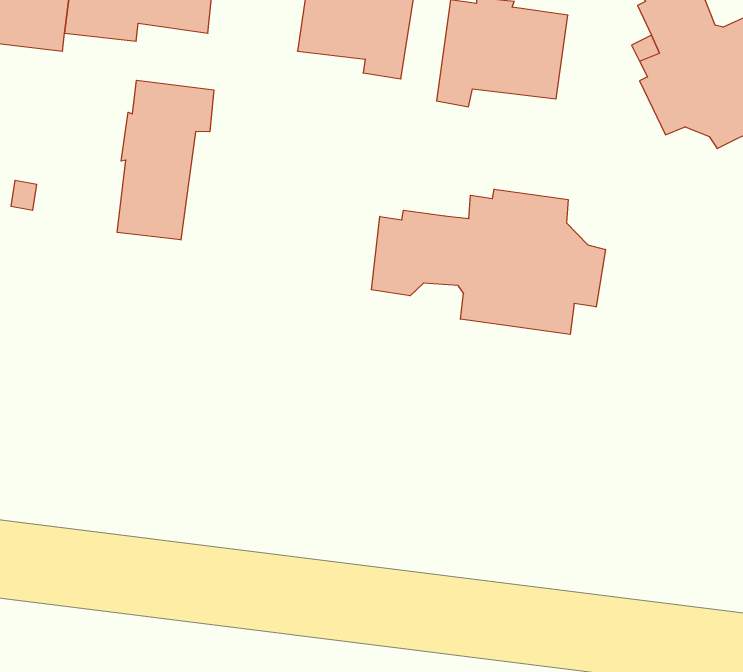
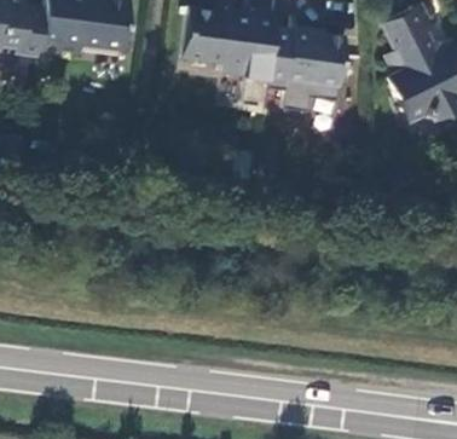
building: [117,80,214,240] -> none
building: [371,189,605,334] -> none

